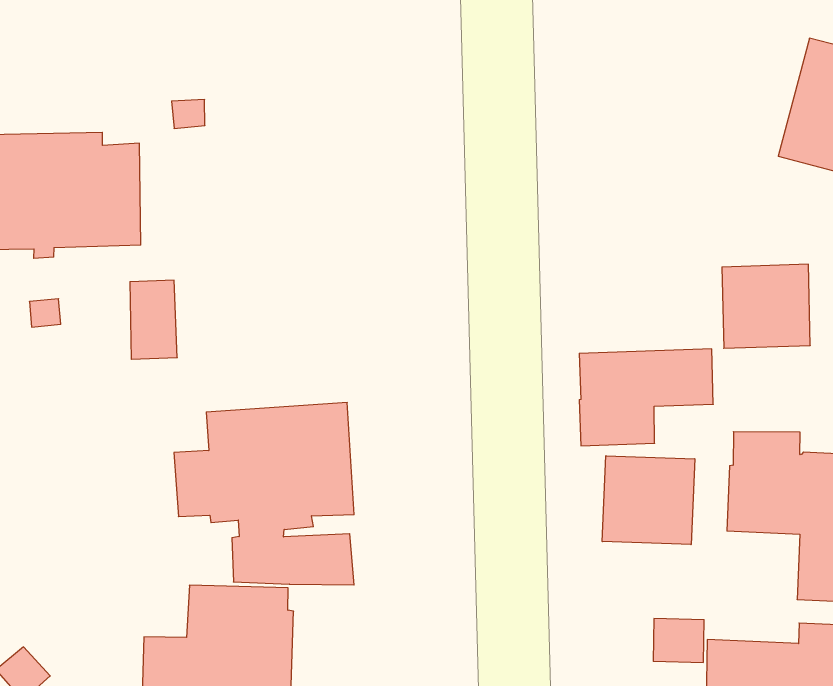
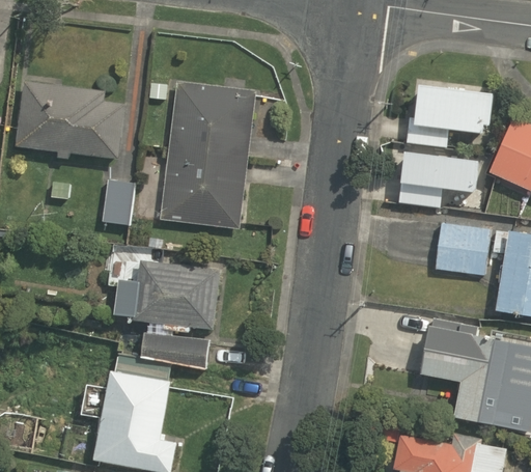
building: none -> [406,86,494,148]
building: none -> [159,81,253,228]
building: [579,349,713,446] -> [397,151,479,209]
building: [602,456,695,545] -> none

